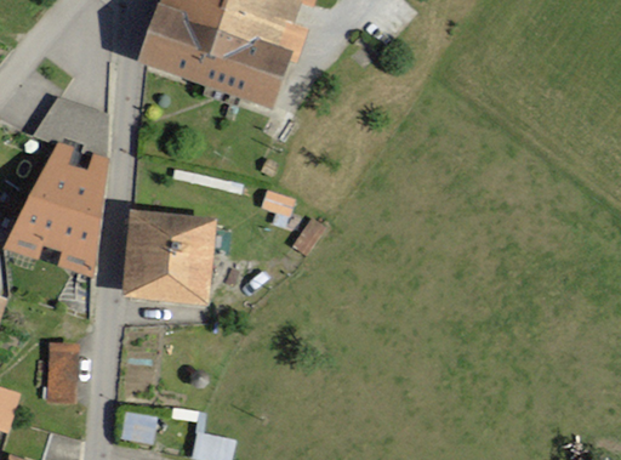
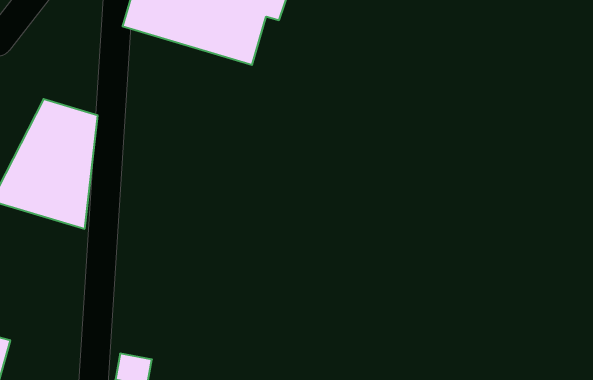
building: [123,212,211,305] -> none
building: [46,346,75,398] -> none

